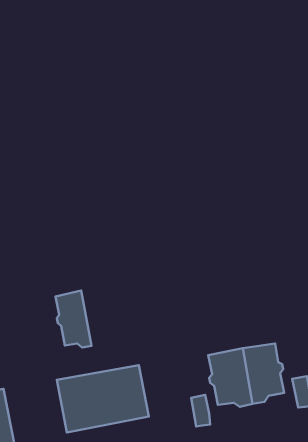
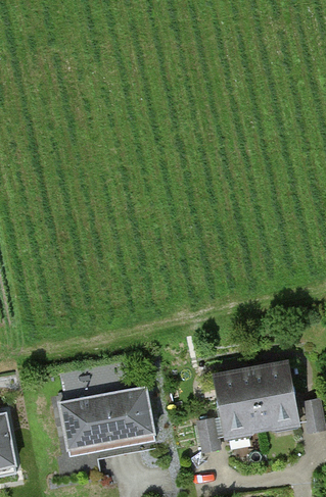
building: [55,291,92,348] -> none

